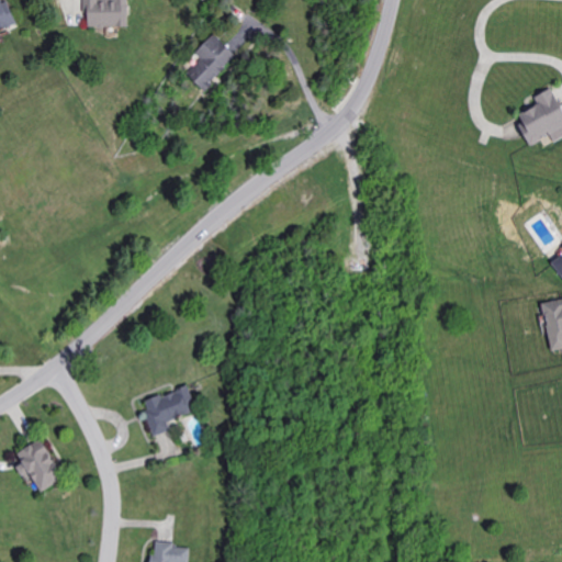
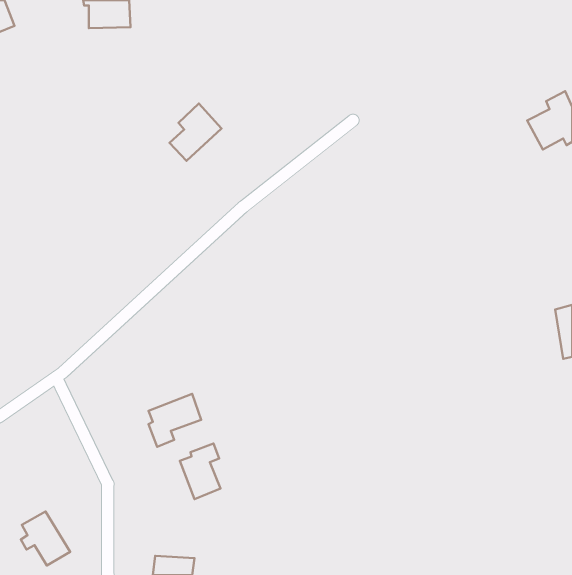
building: [186,34,236,90] -> [170,104,221,161]
building: none -> [180,444,220,499]
building: [15,438,64,491] -> [21,511,70,565]

